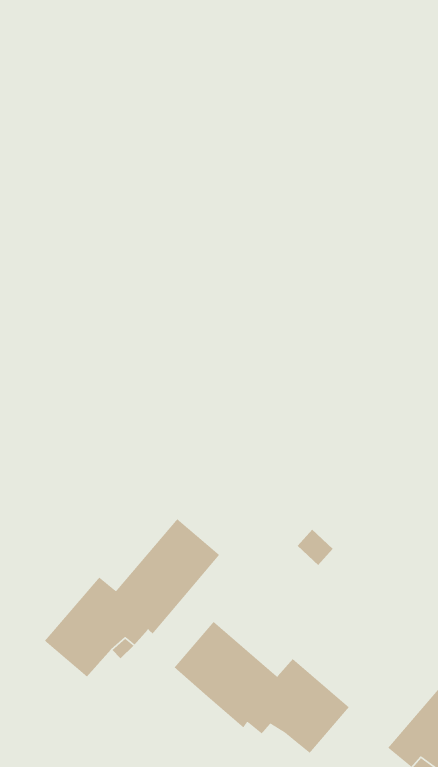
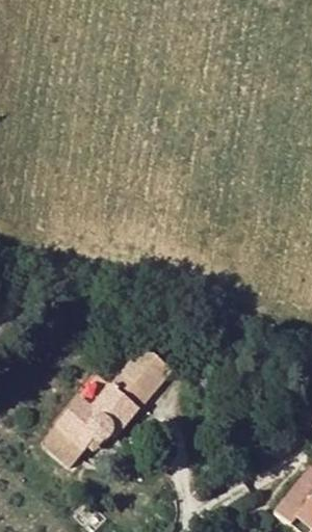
building: [173,621,350,754] -> none

